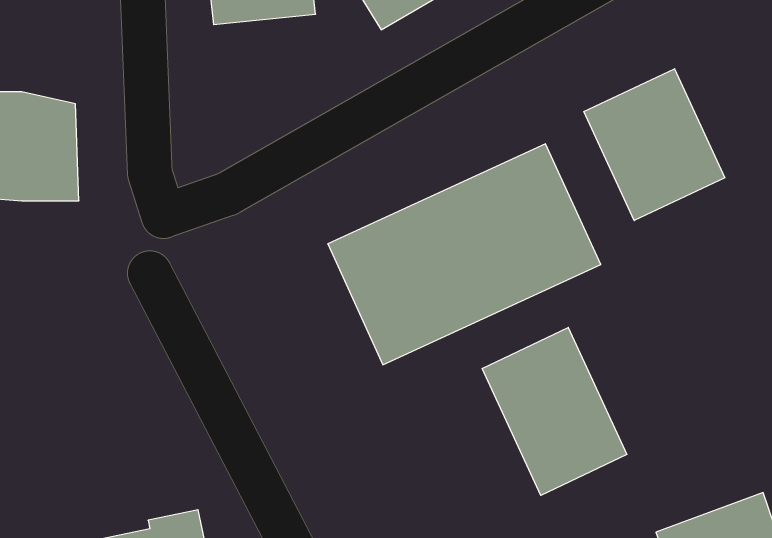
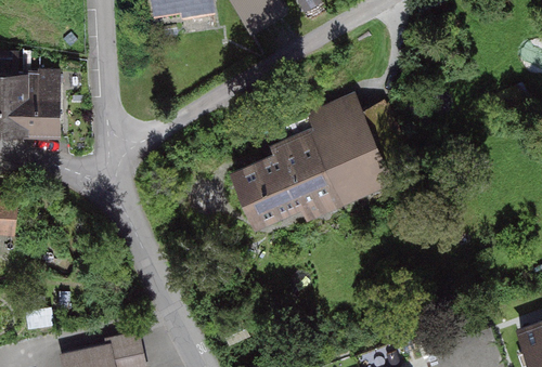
building: [584,69,725,221] -> none
building: [482,327,627,495] -> none

